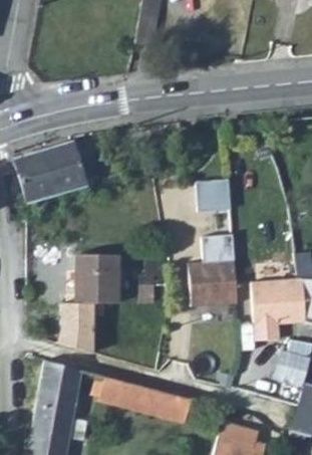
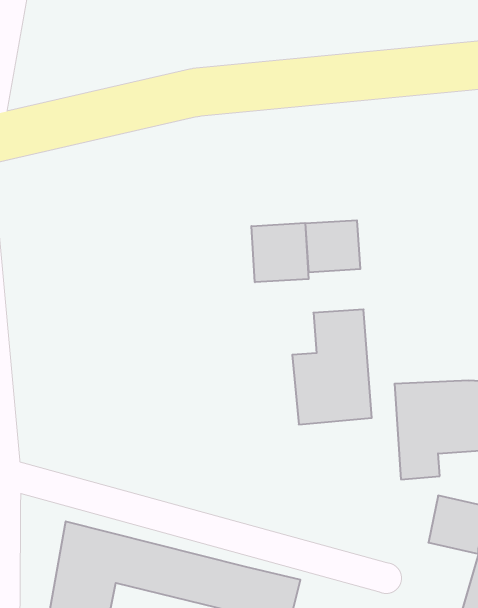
building: [14,141,93,202] -> none
building: none -> [251,223,309,282]
building: [59,255,117,349] -> none

